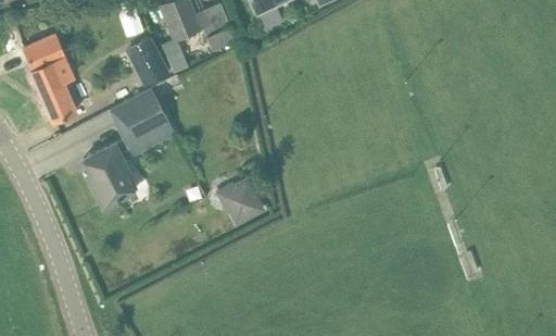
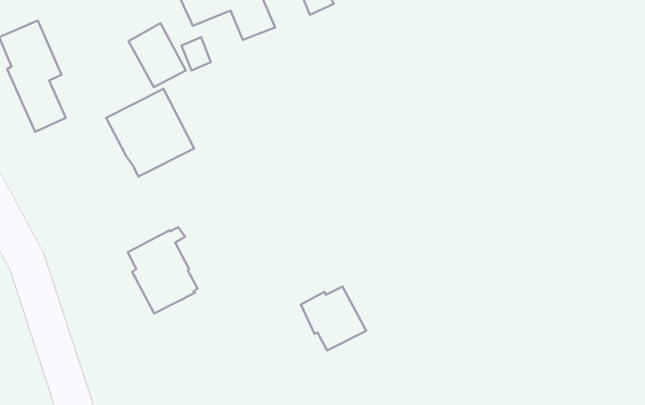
building: [84,139,138,207] -> [128,227,198,314]
building: [215,176,266,226] -> [301,286,366,350]

